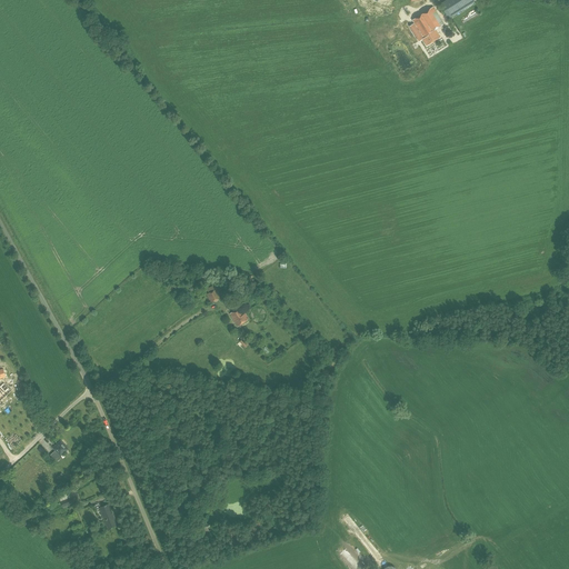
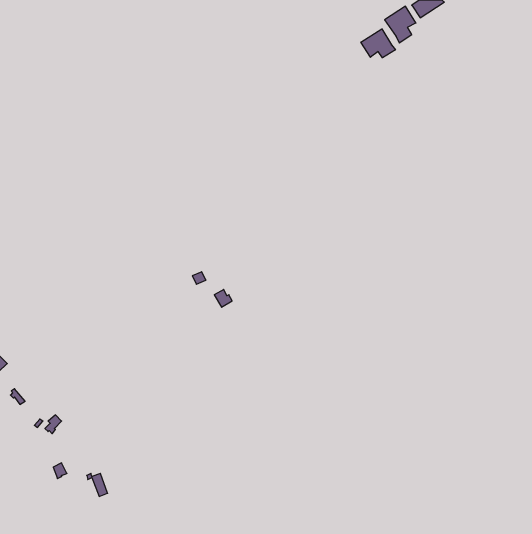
building: none -> [361,29,395,58]

